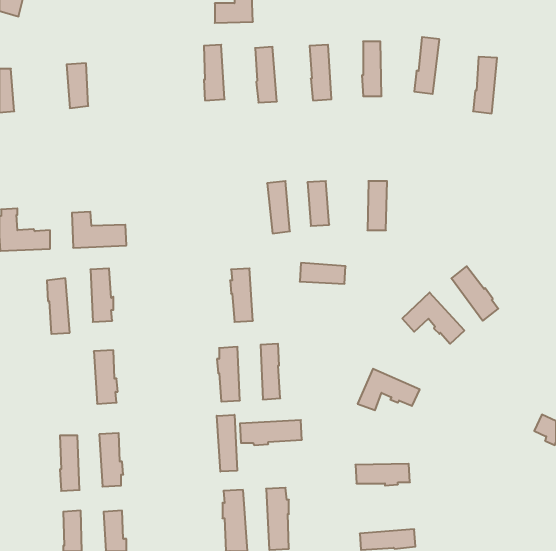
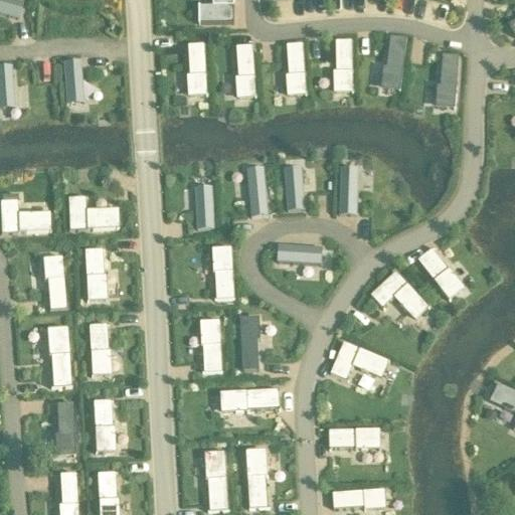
building: none -> [195,186,214,226]
building: none -> [46,328,70,386]
building: [217,415,237,472] -> none

